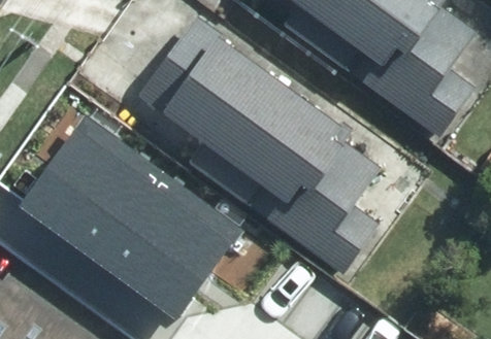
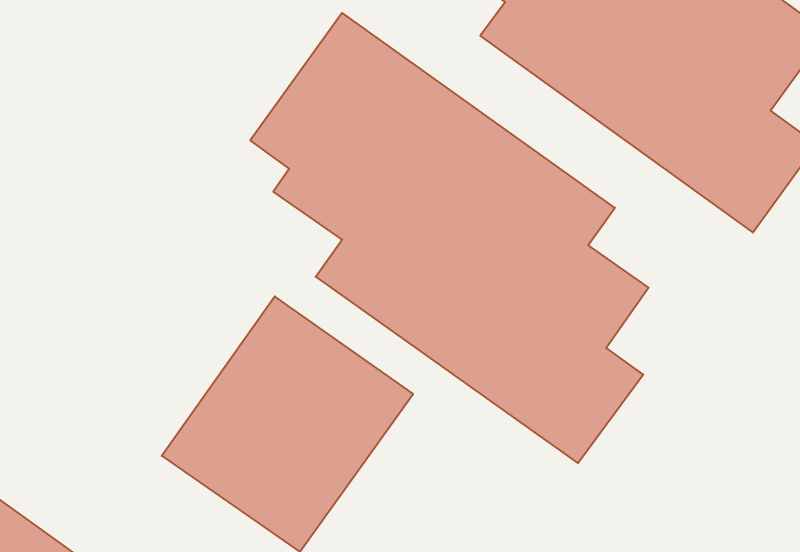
building: [18,118,162,267] -> none

